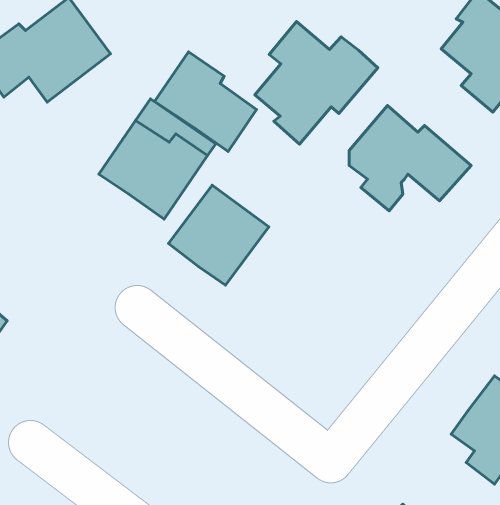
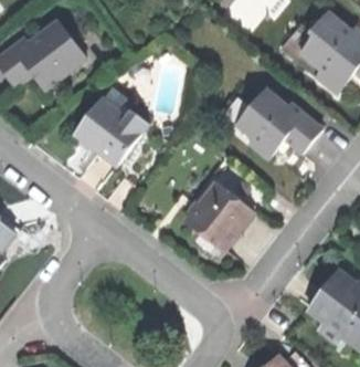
building: [255,21,378,144] -> none
building: [154,52,257,151] -> none
building: [169,185,269,285] -> [187,182,253,249]

